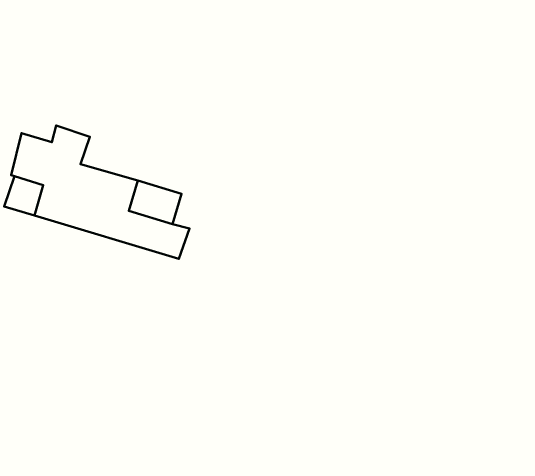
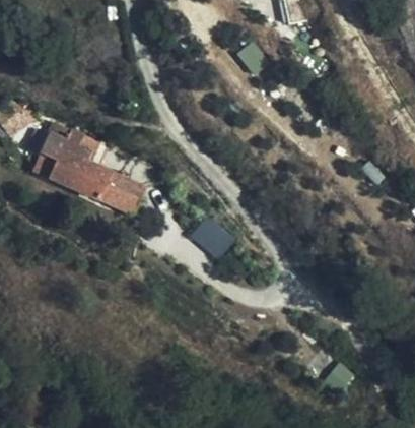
building: none -> [193,215,236,257]

